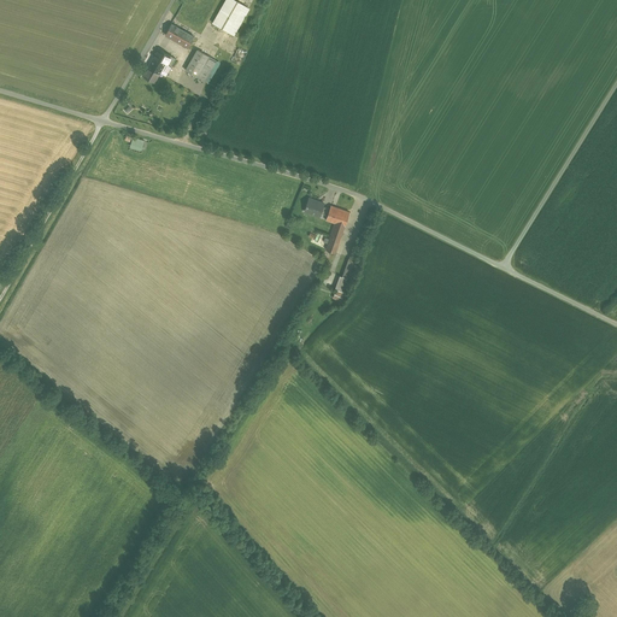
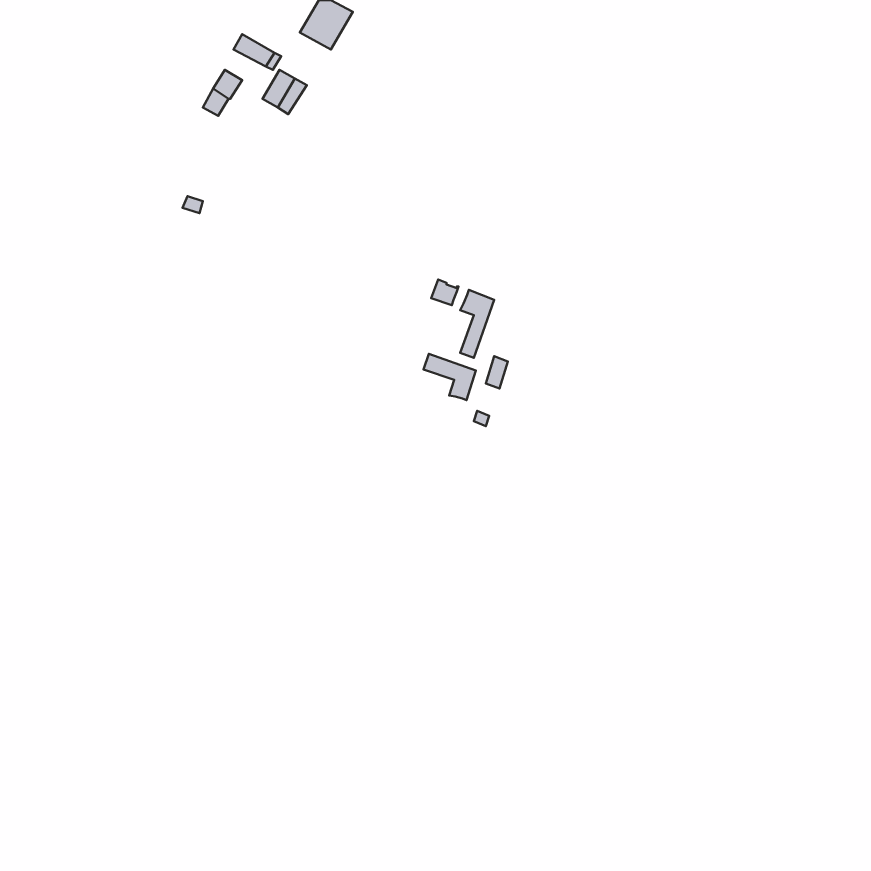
building: none -> [423,354,476,400]

